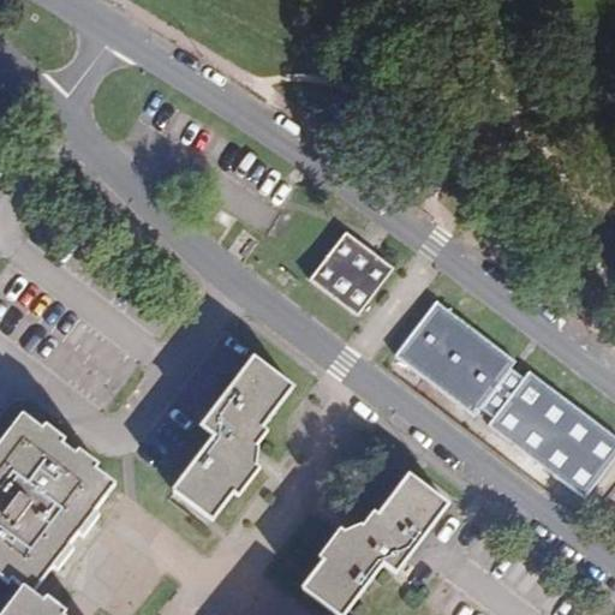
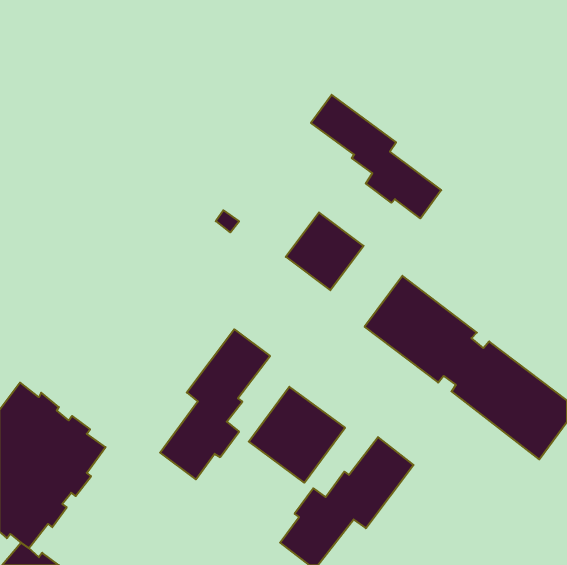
building: none -> [311,95,441,218]
building: none -> [249,387,345,483]

